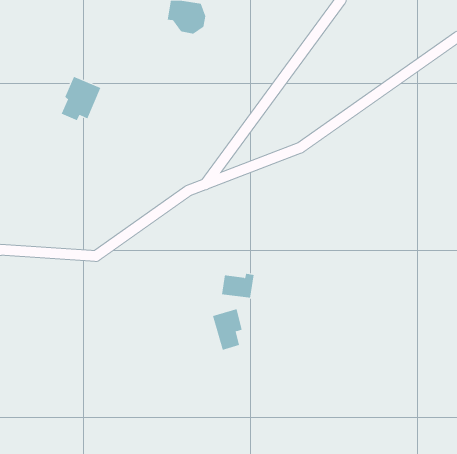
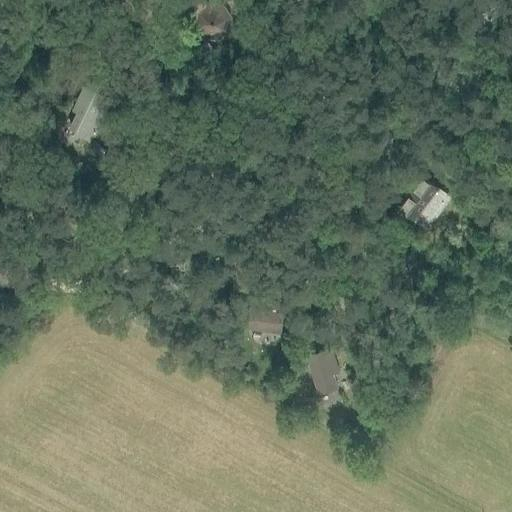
building: none -> [399,179,442,226]
building: [212,309,243,351] -> [308,350,342,397]

